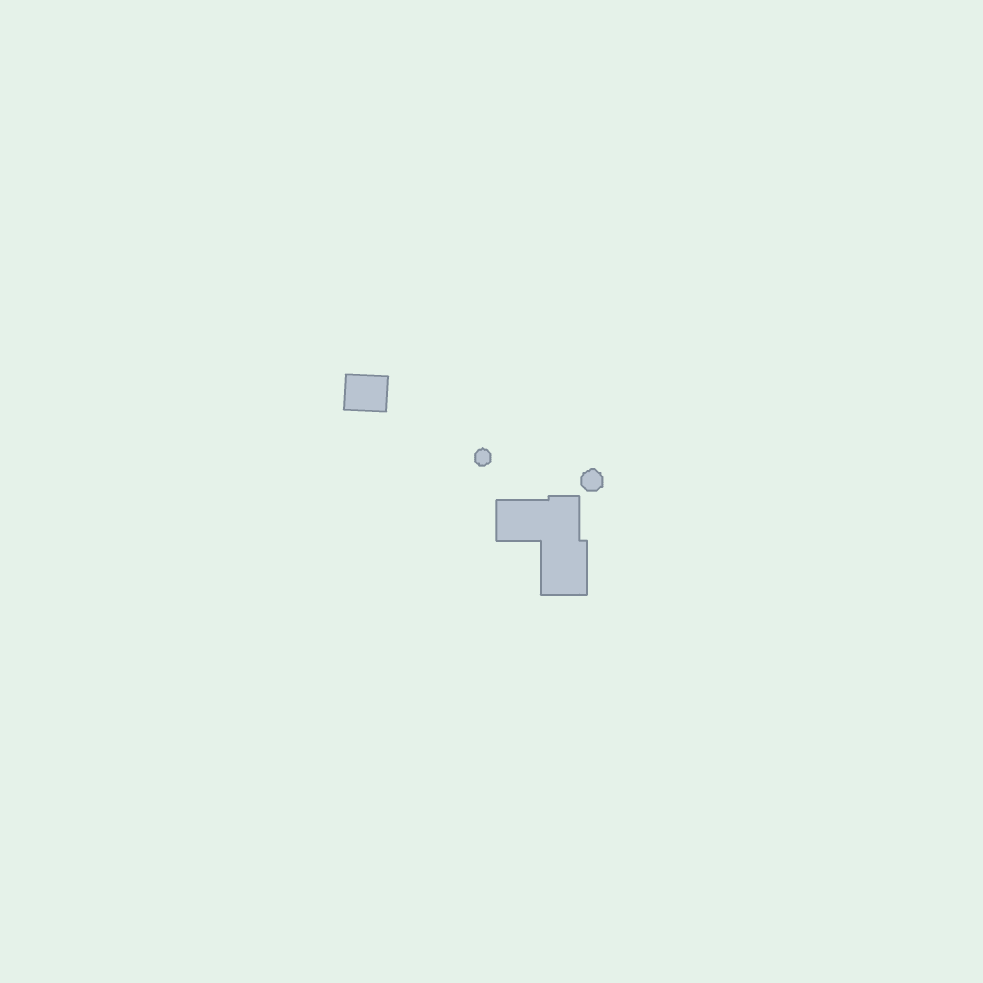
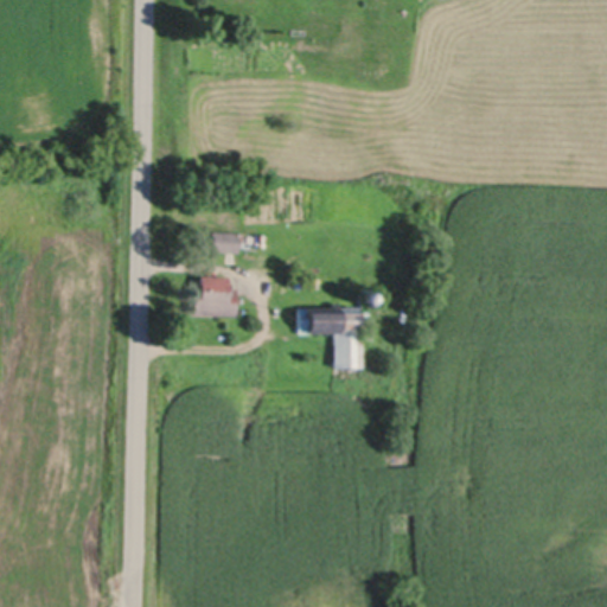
building: none -> [193,279,237,319]

